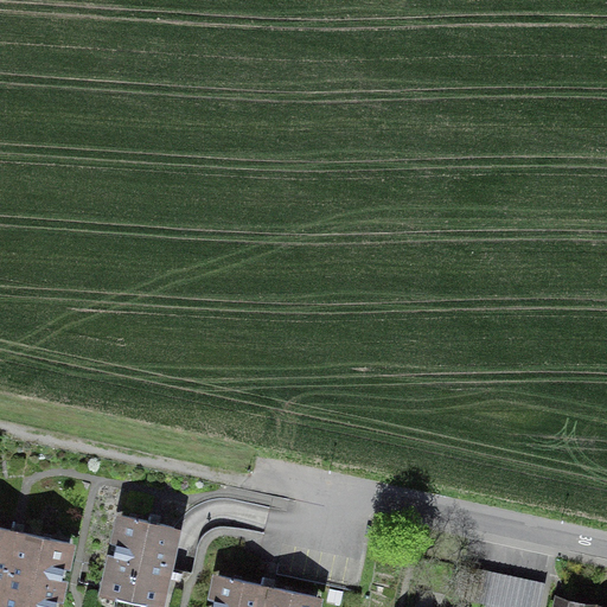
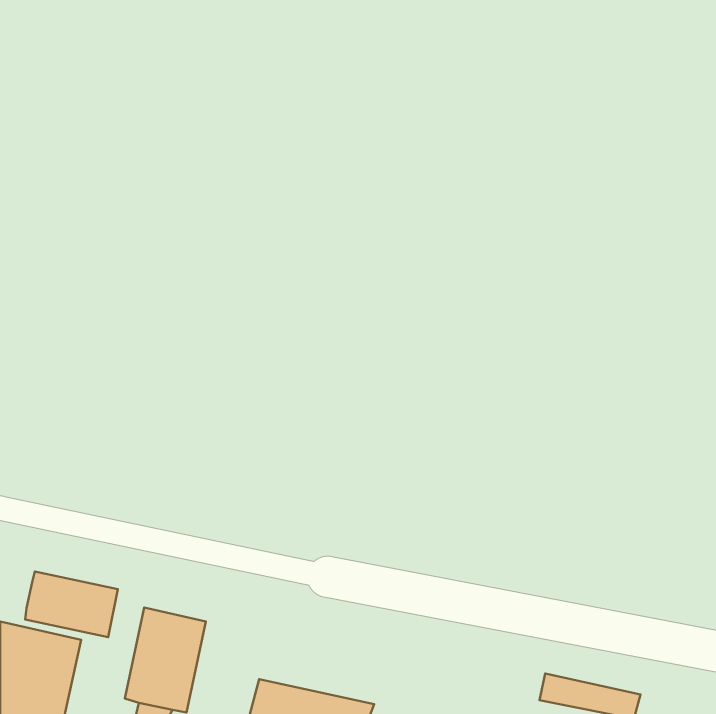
building: none -> [25,571,118,637]

